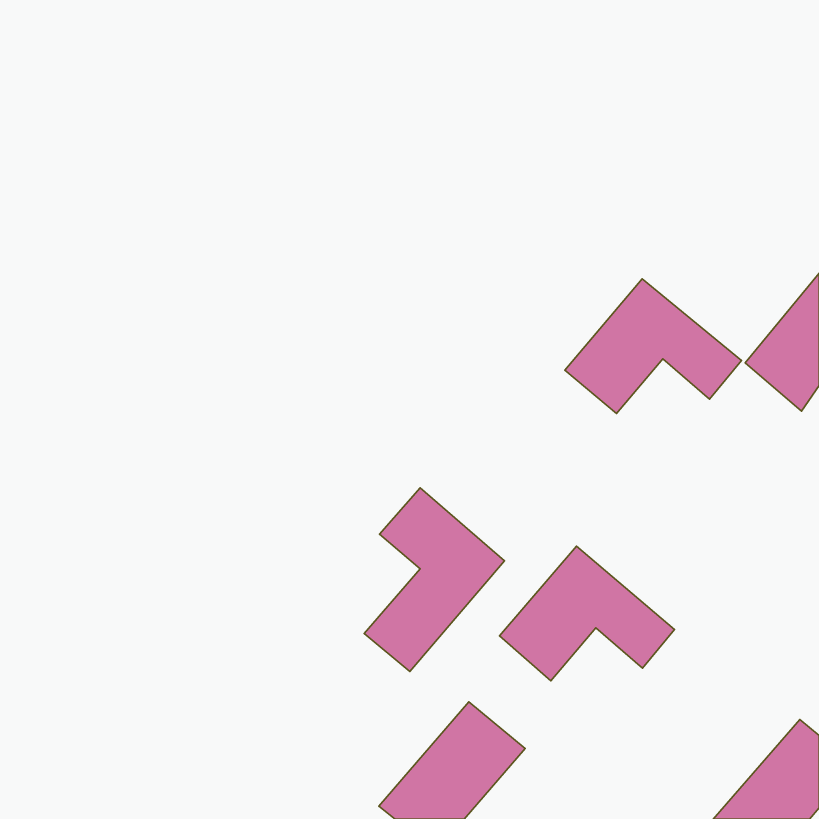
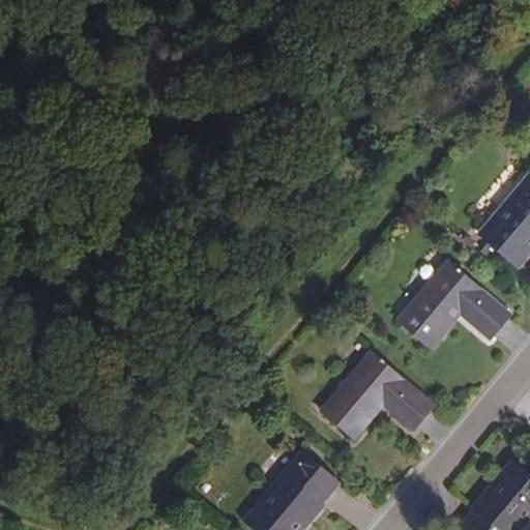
building: [565,279,742,414] -> [398,261,511,348]
building: [364,488,505,671] -> none

